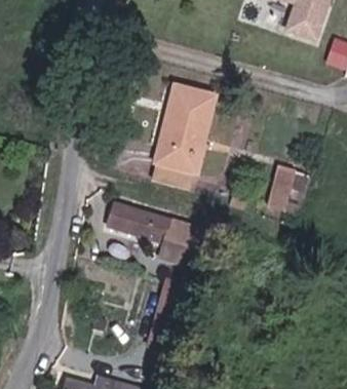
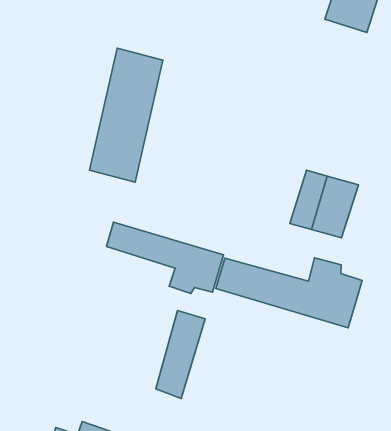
building: [151,81,214,195] -> [89,48,163,182]
building: none -> [216,258,362,328]

